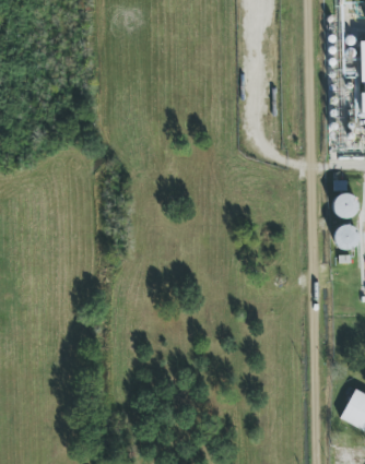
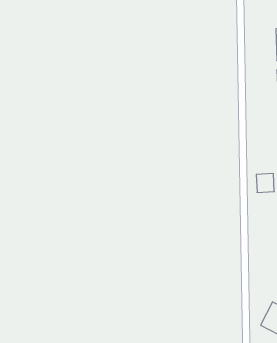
building: [334,194,356,217] -> none

